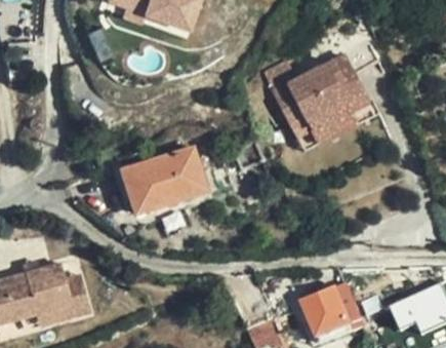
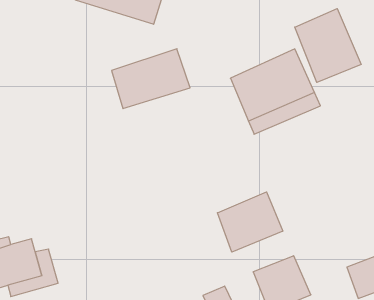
building: none -> [295,9,361,82]
building: [121,146,206,210] -> [112,49,190,109]
building: none -> [217,192,283,252]

